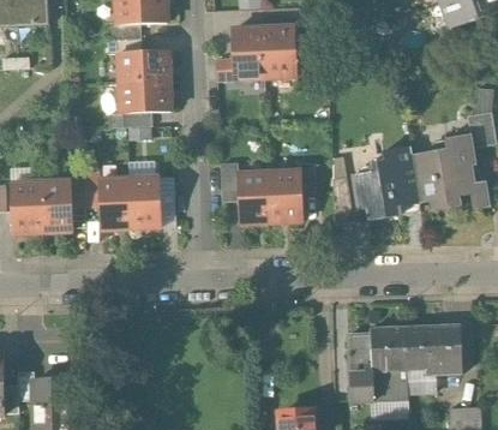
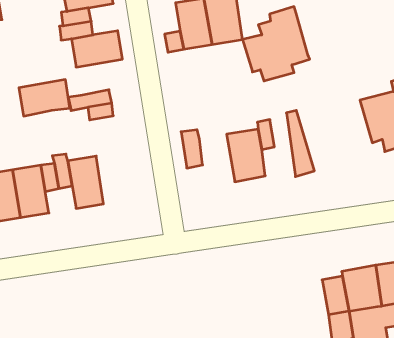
building: [120,80,170,113] -> [19,80,70,116]
building: [352,147,419,220] -> [243,7,310,81]
building: [239,172,270,223] -> none
building: [130,177,161,228] -> none

